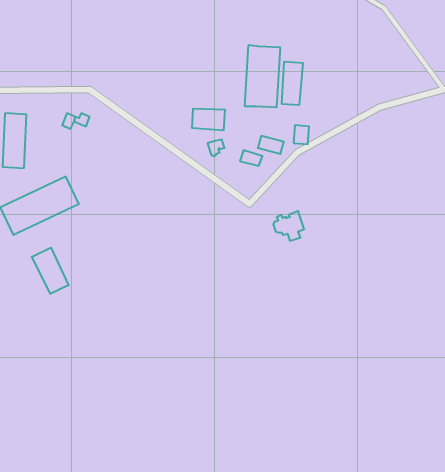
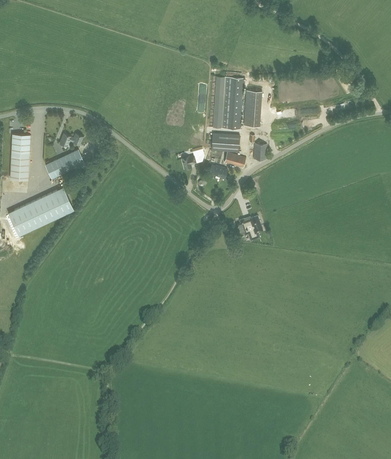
building: [192,109,225,130] -> [211,133,239,151]
building: none -> [45,149,85,178]
building: [32,248,69,294] -> none

